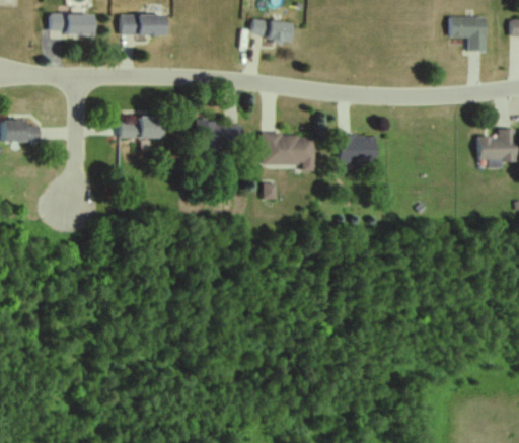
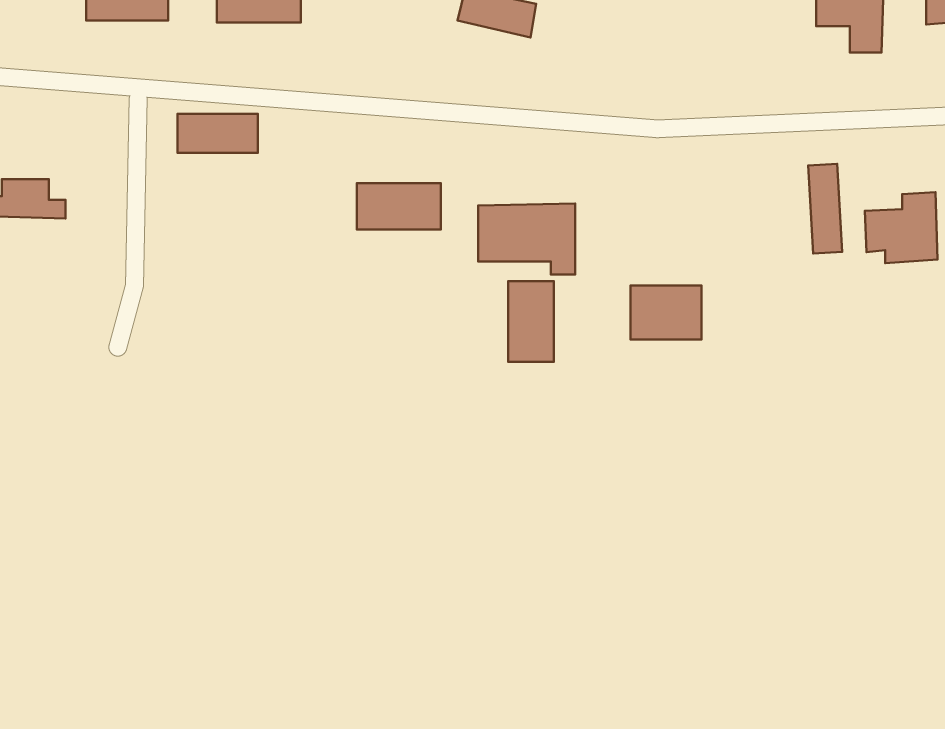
building: none -> [808,164,842,253]
building: [121,118,164,139] -> [178,114,258,153]
building: [340,135,378,164] -> [630,286,701,340]
building: none -> [508,281,554,362]

